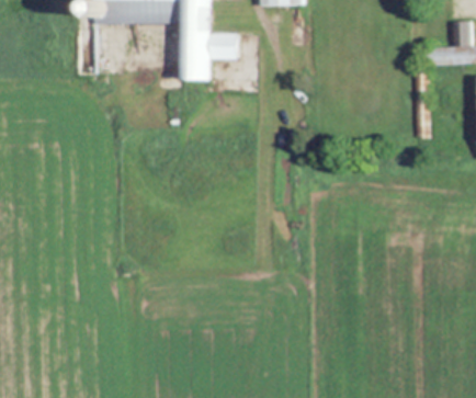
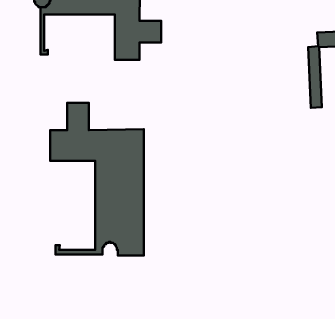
building: none -> [50,103,144,256]

